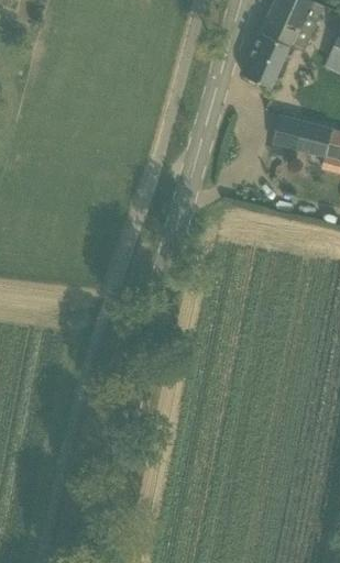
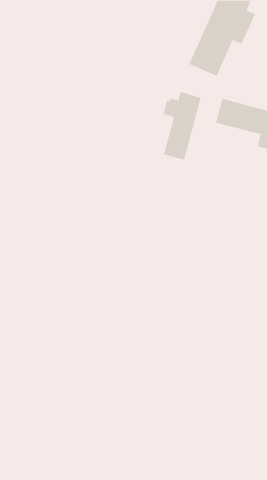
building: none -> [163,91,201,160]

